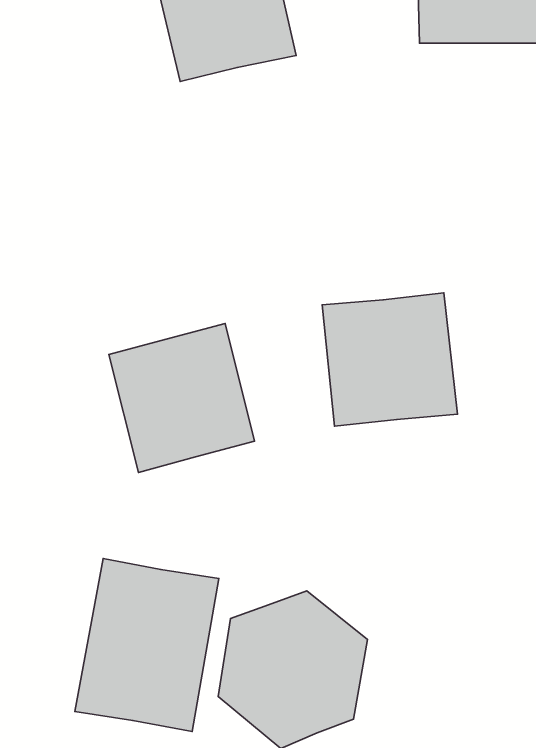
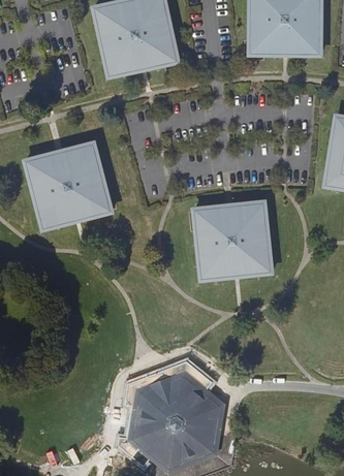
building: [109,323,255,472] -> [24,139,111,228]
building: [75,558,219,732] -> none

